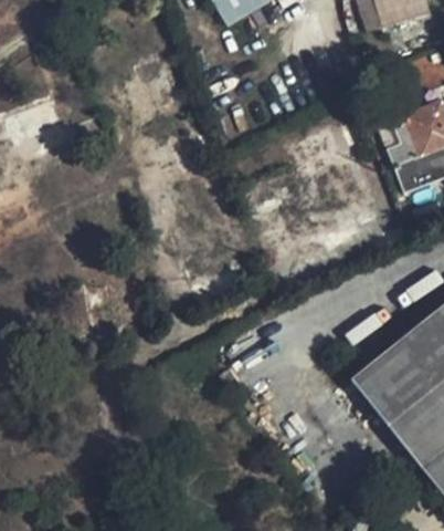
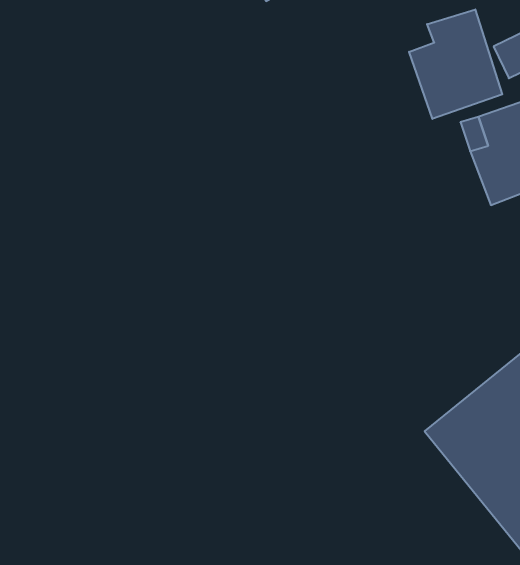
building: none -> [409,9,502,119]

